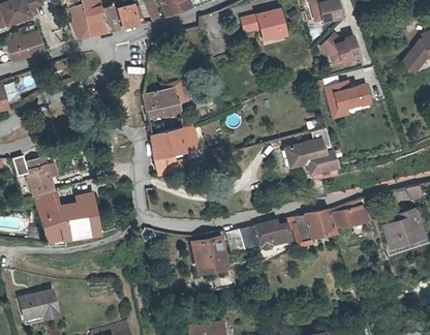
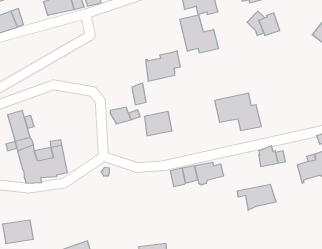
building: none -> [180,15,218,53]
building: [324,78,370,121] -> none
building: [144,81,187,118] -> [146,51,181,81]
building: [149,127,183,157] -> [144,112,172,136]
building: [287,209,336,241] -> [237,184,276,210]
building: [194,239,223,268] -> none

